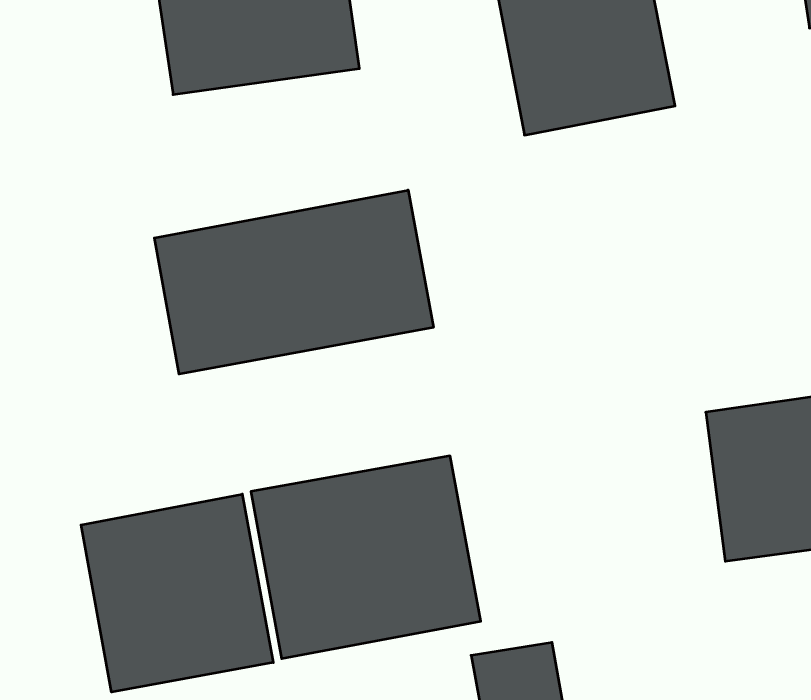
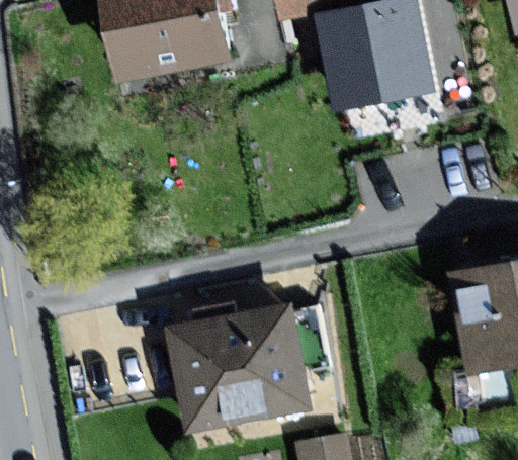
building: [154,190,433,374] -> none
building: [81,494,273,692] -> none

